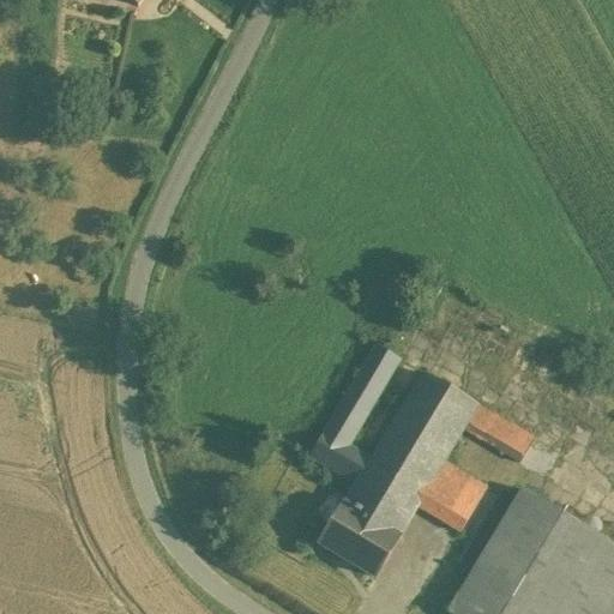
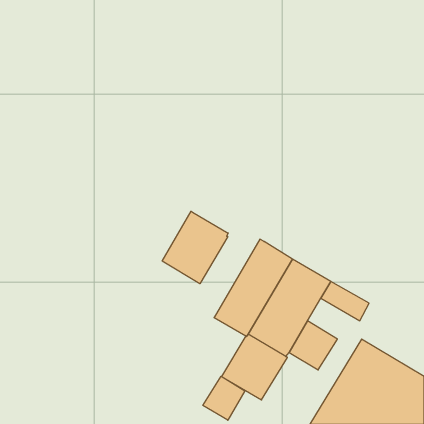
building: none -> [162,211,228,284]
building: none -> [203,376,245,420]

